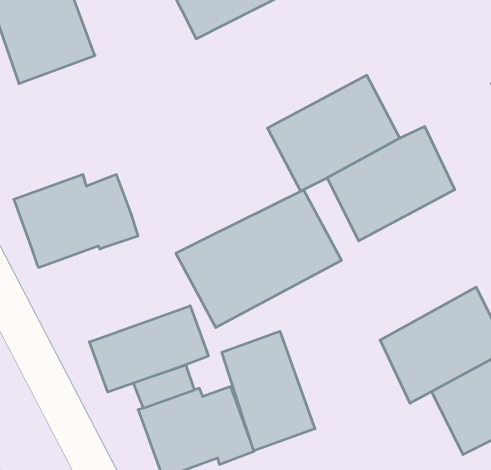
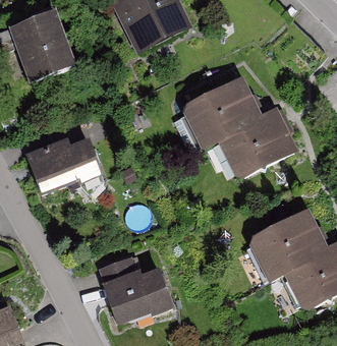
building: [176,190,341,328] -> none
building: [89,306,208,392] -> none
building: [222,331,315,451] -> none

